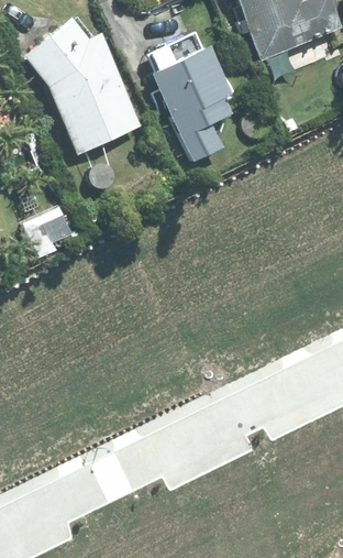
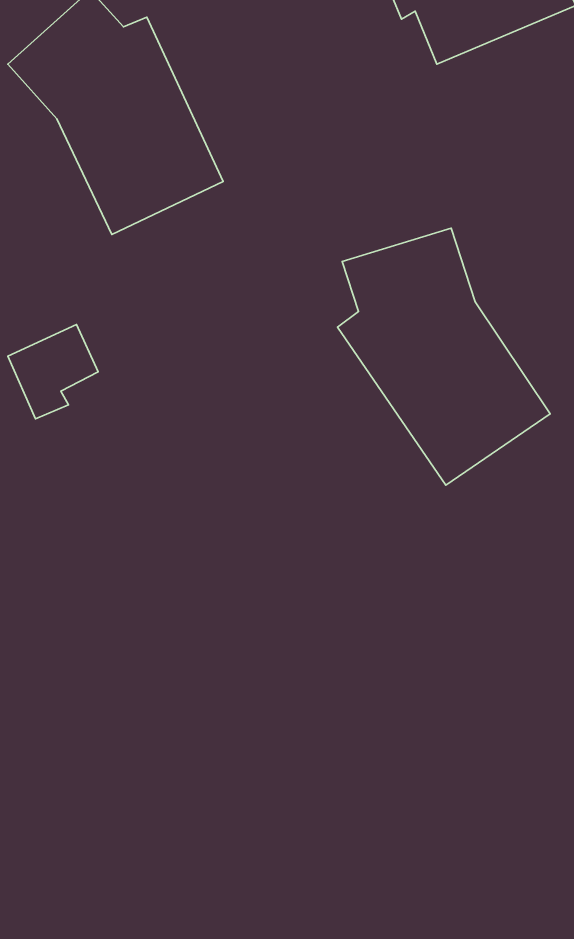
building: [146,30,242,161] -> none
building: none -> [338,228,550,485]

